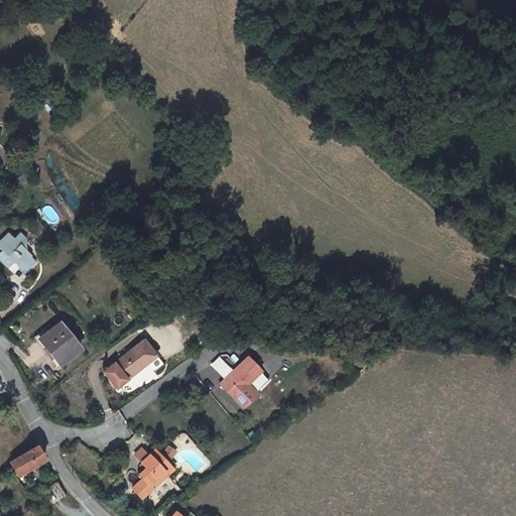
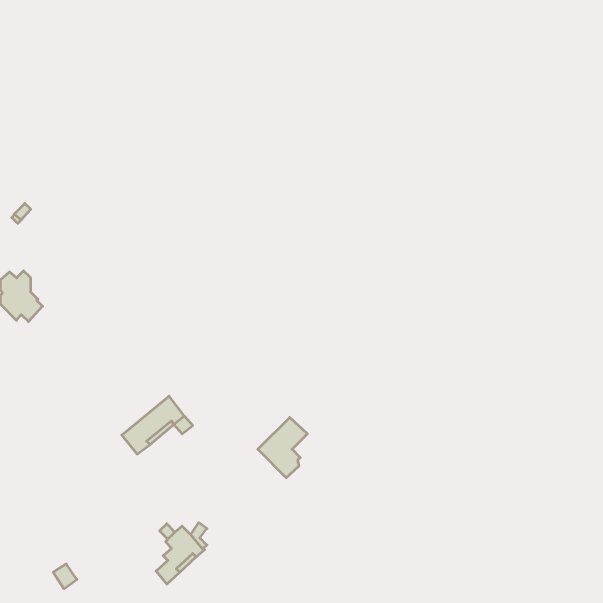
building: [40,322,81,365] -> none
building: [10,444,46,476] -> none

